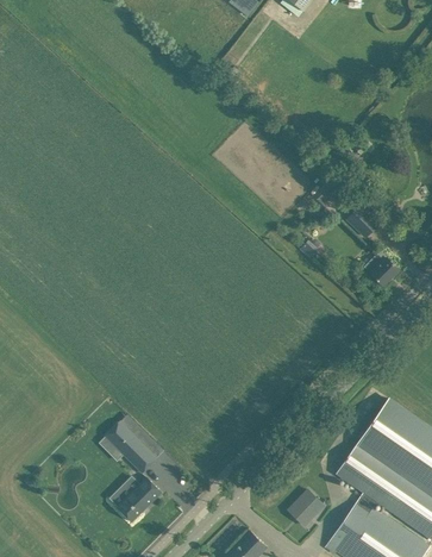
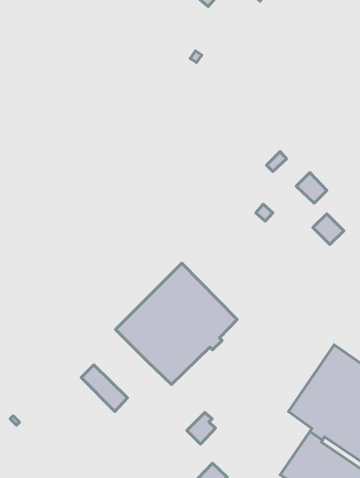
building: none -> [115,263,237,385]
building: [114,476,161,522] -> none
building: [287,489,319,525] -> [187,412,215,444]

